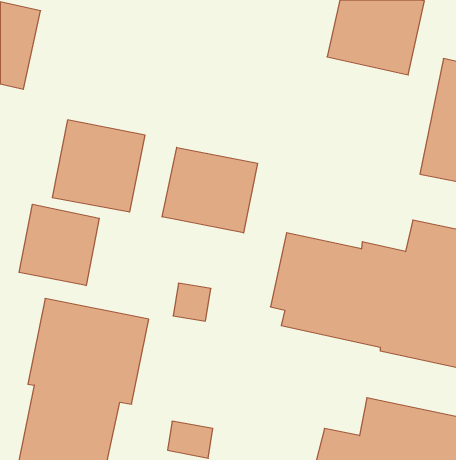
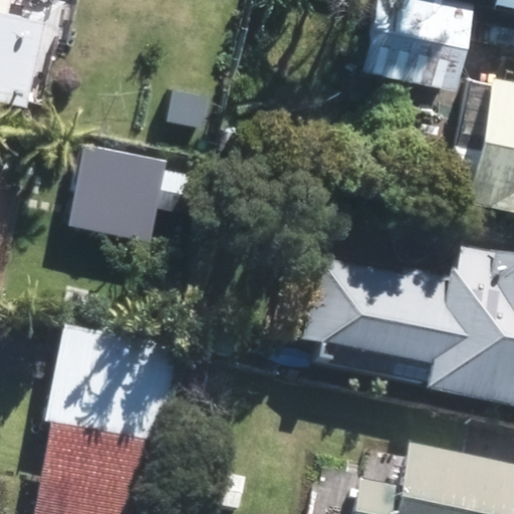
building: [162,147,257,233] -> none
building: [19,204,99,286] -> none

